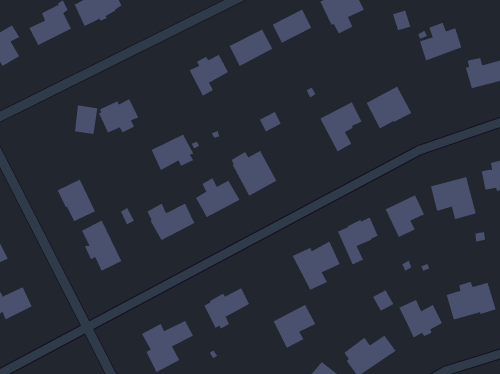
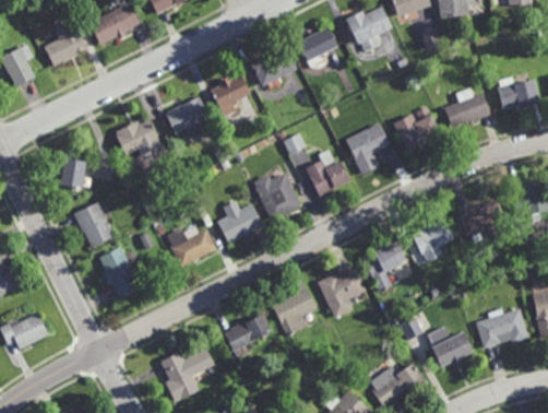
building: [419,22,462,61] -> [444,87,489,128]
building: [74,105,98,135] -> [61,157,86,188]
building: none -> [305,149,349,196]
building: [151,134,194,171] -> [165,96,210,134]
building: [273,304,316,349] -> [273,288,318,334]

